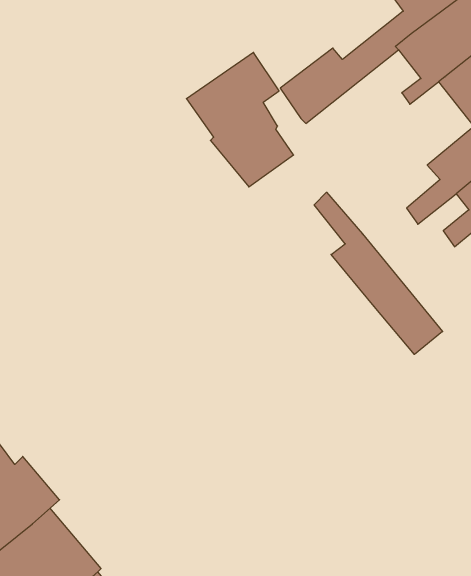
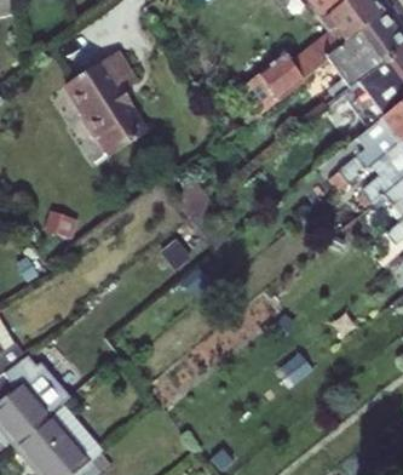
building: [186,52,294,187] -> [63,51,144,153]
building: [314,192,443,354] -> none

